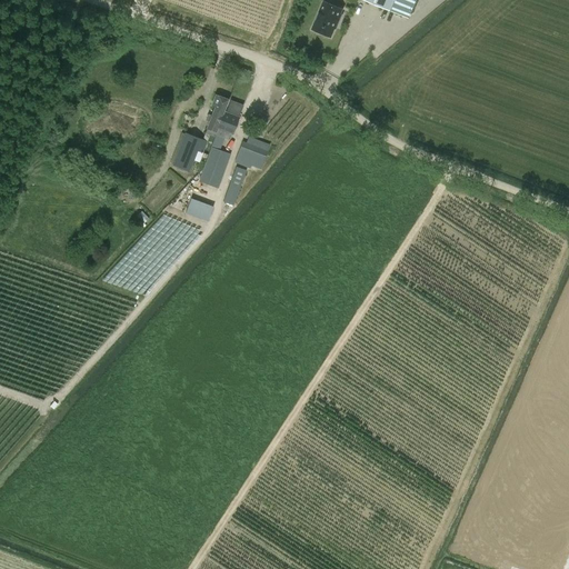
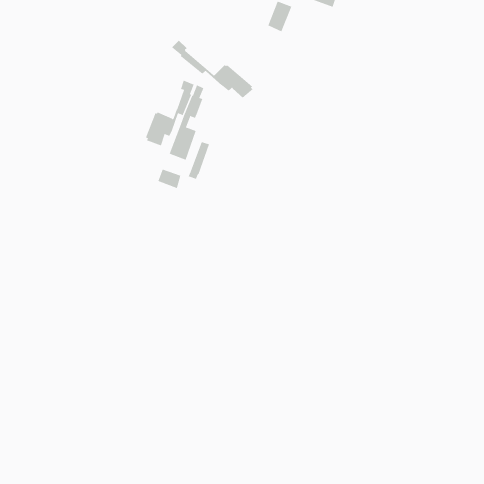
building: none -> [171,40,254,98]
building: [234,136,271,171] -> none

